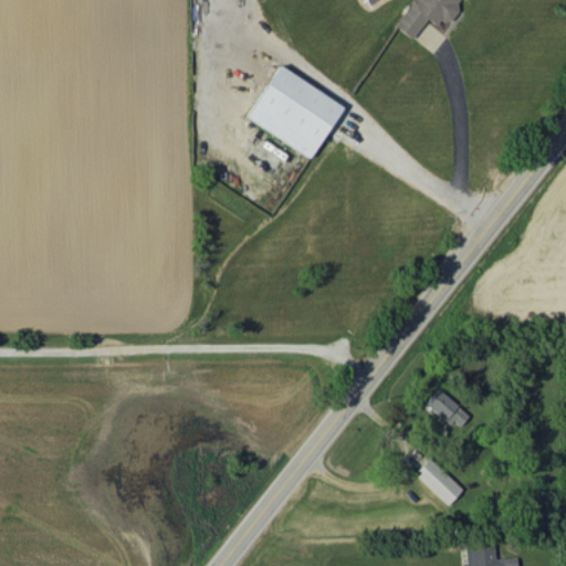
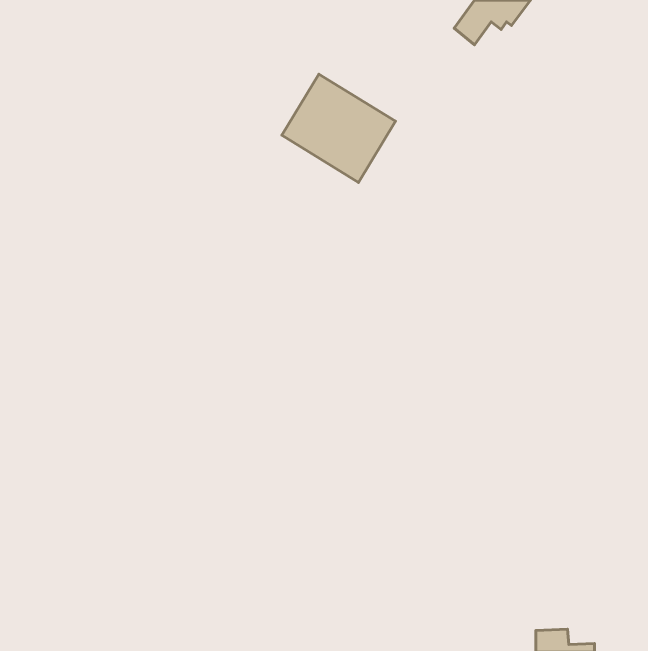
building: [428,390,472,428] -> none
building: [416,459,463,505] -> none

